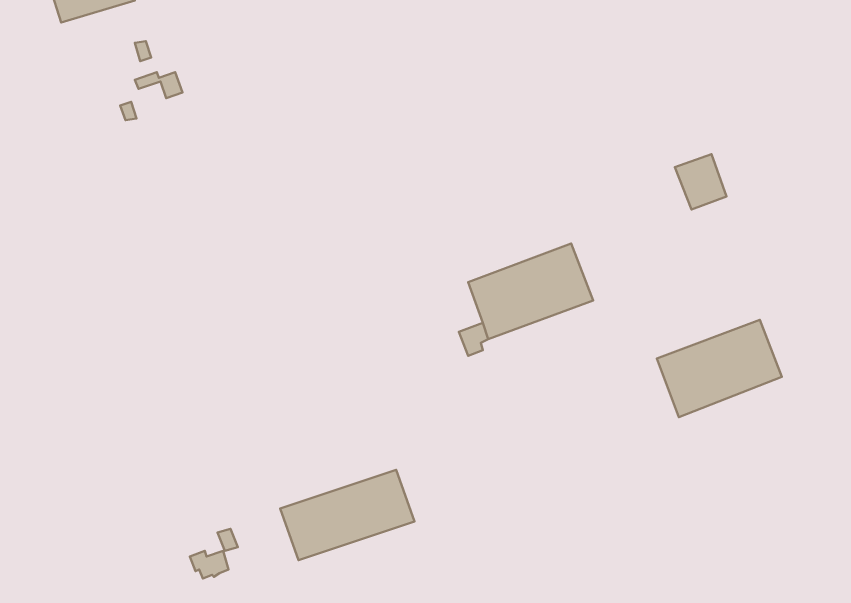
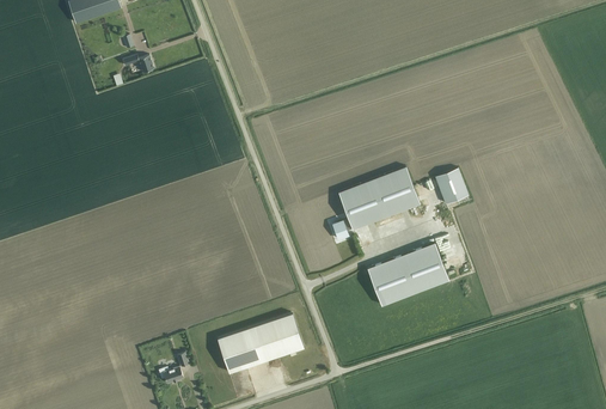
building: [675,154,726,209] -> [434,169,467,204]
building: [657,320,782,417] -> [367,244,448,307]

